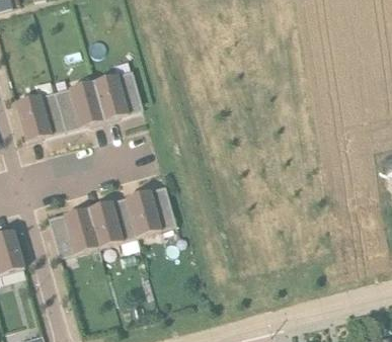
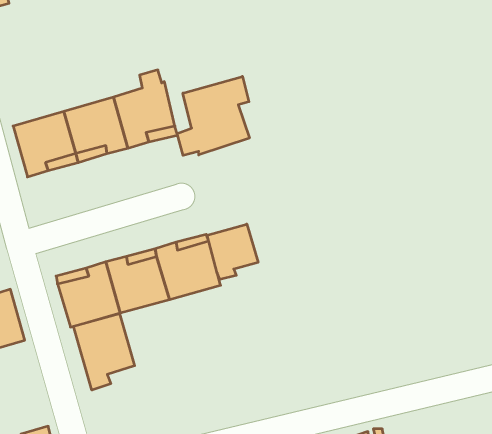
building: none -> [177,76,249,155]
building: none -> [207,224,258,280]
building: none -> [73,313,135,390]

